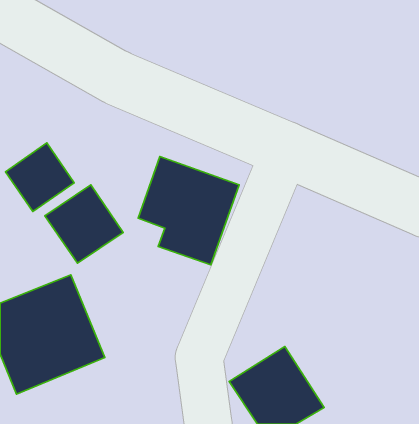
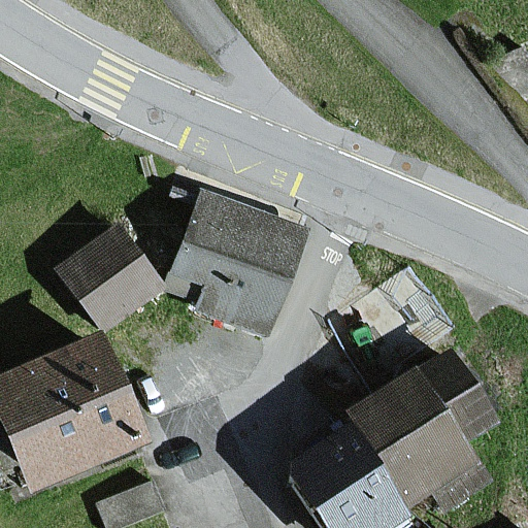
building: [6,143,74,211] -> none
building: none -> [350,353,497,504]

